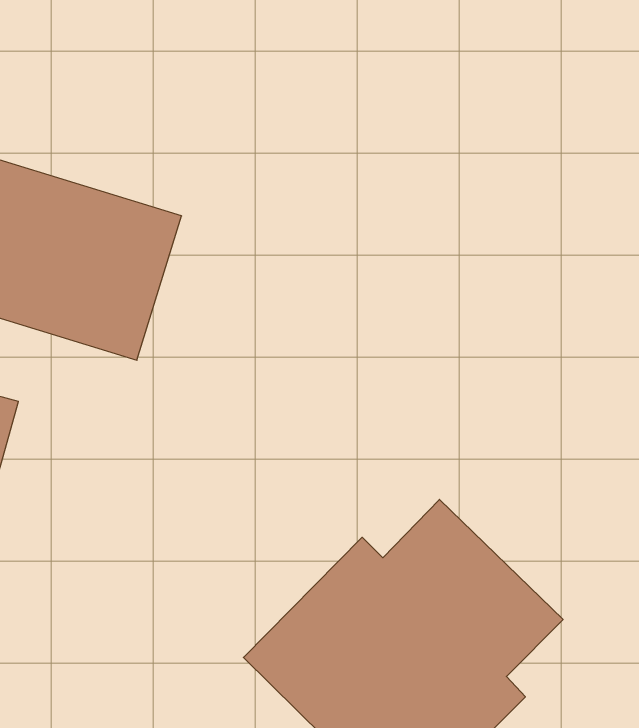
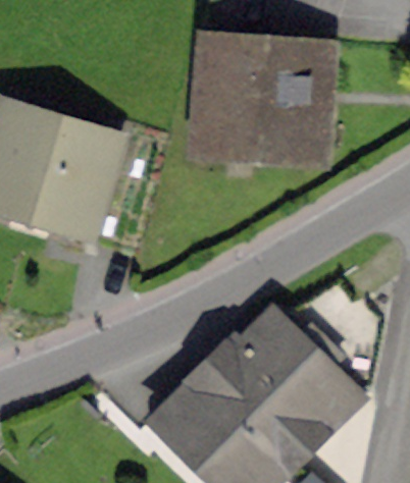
building: none -> [192,55,325,159]

